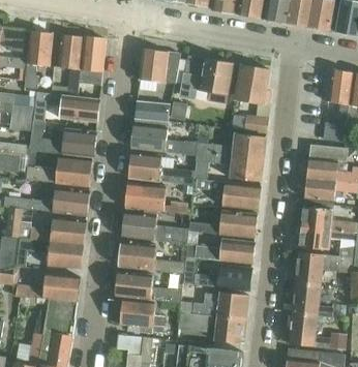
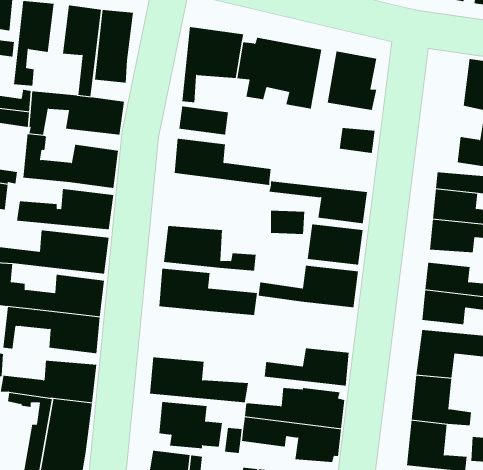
building: [197,133,265,159] -> none
building: [128,152,195,183] -> none
building: [186,238,253,264] -> none
building: [118,241,184,272] -> none

